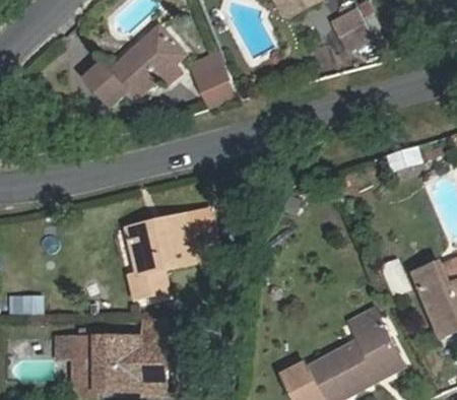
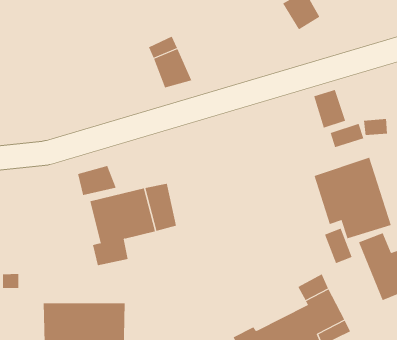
building: [83,26,181,106] -> none
building: none -> [314,89,346,128]
building: none -> [314,157,392,239]
building: none -> [77,165,117,196]

